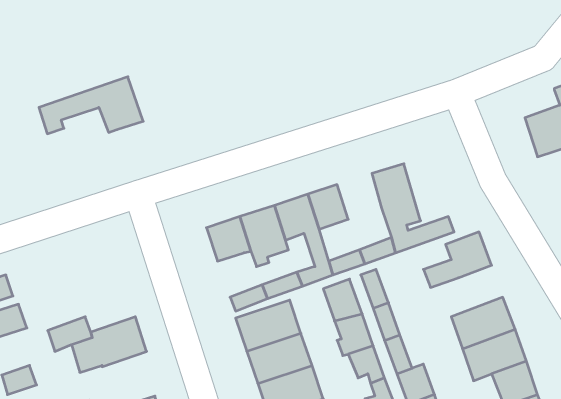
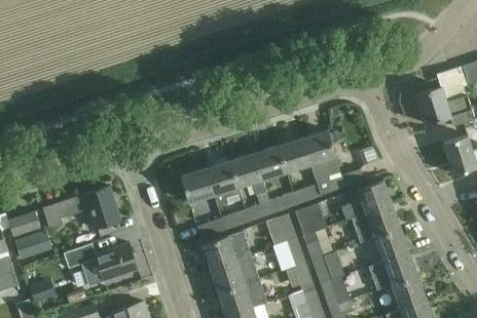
building: [39,77,143,134] -> [43,187,120,229]
building: none -> [278,137,310,171]
building: none -> [354,205,400,243]

